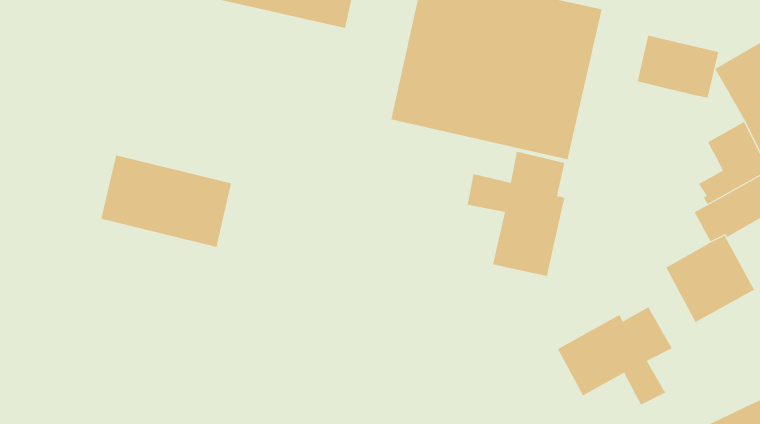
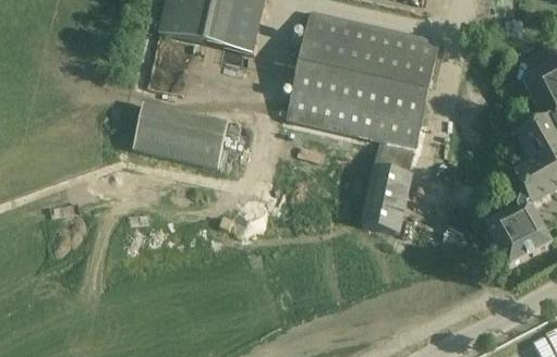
building: [637,35,719,98] -> none
building: [101,155,232,247] -> [136,101,232,169]
building: [557,306,673,406] -> none

